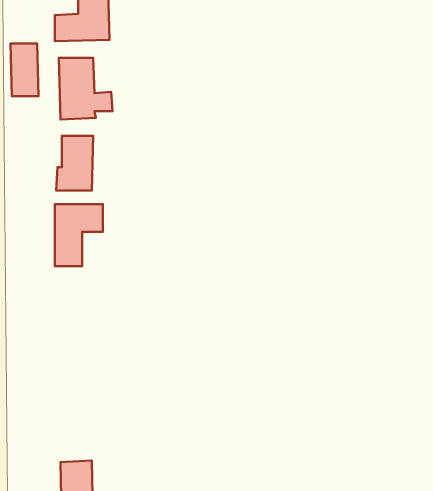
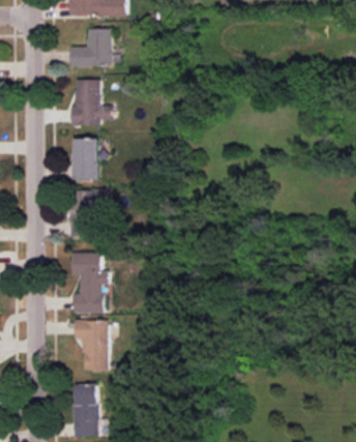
building: [11,43,38,96] -> none
building: none -> [71,253,107,314]
building: none -> [73,320,108,371]

